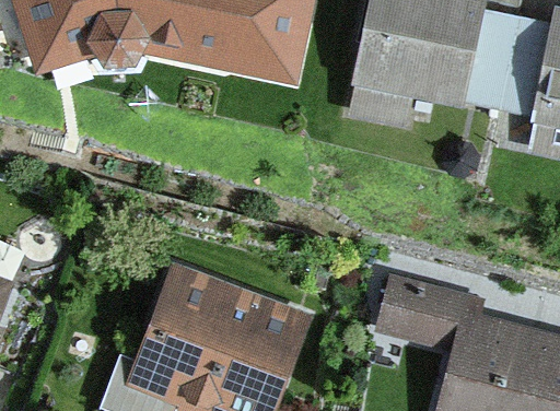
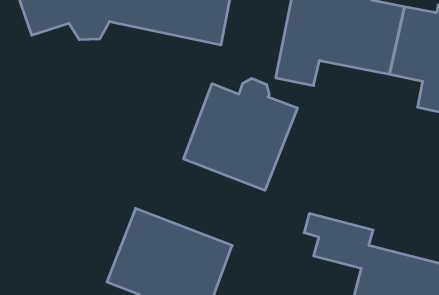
building: none -> [184,78,297,190]

